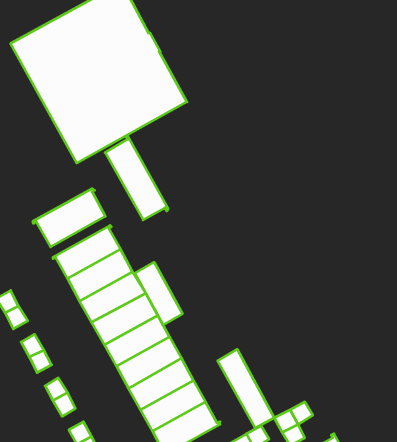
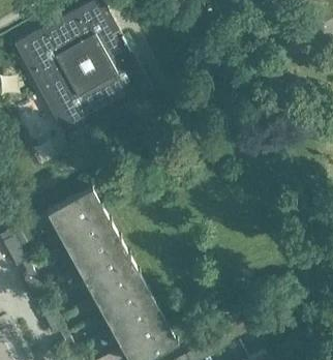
building: [105,136,168,220] -> none
building: [33,189,105,247] -> none
building: [135,262,182,325] -> none
building: [218,349,274,428] -> none

